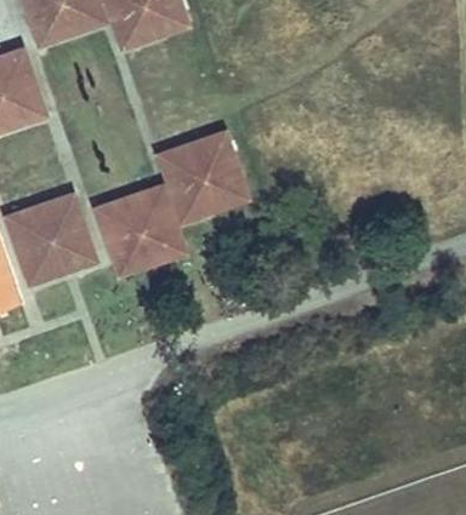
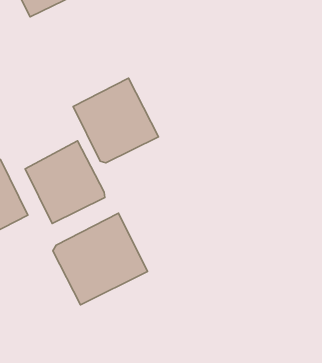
building: none -> [53,213,147,305]

